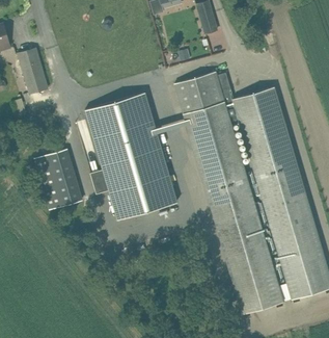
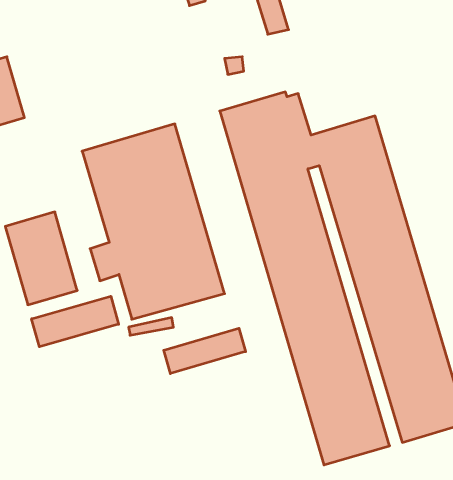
building: none -> [32,296,119,347]
building: none -> [164,328,246,374]

